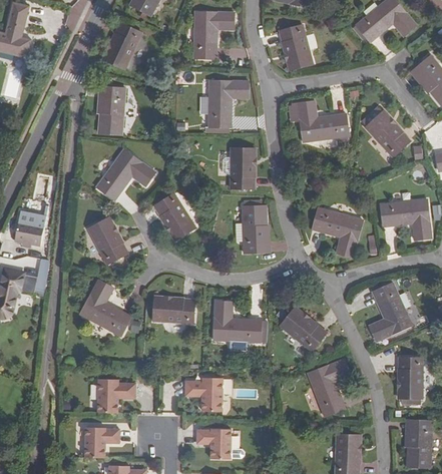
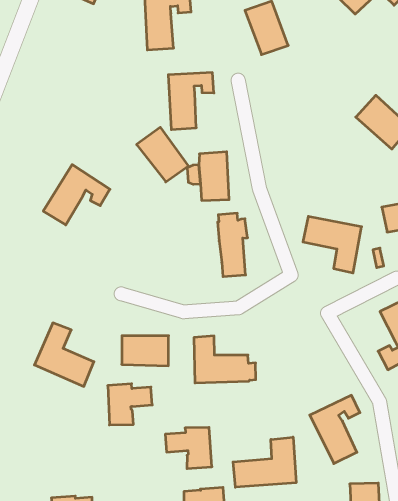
building: [101,22,140,68] -> none
building: [98,87,124,134] -> none
building: [288,101,347,145] -> none
building: [152,193,194,240] -> [137,127,188,182]
building: [87,217,127,264] -> none
building: [280,307,326,351] -> none
building: [97,379,134,413] -> [108,384,152,425]
building: none -> [233,437,296,487]

